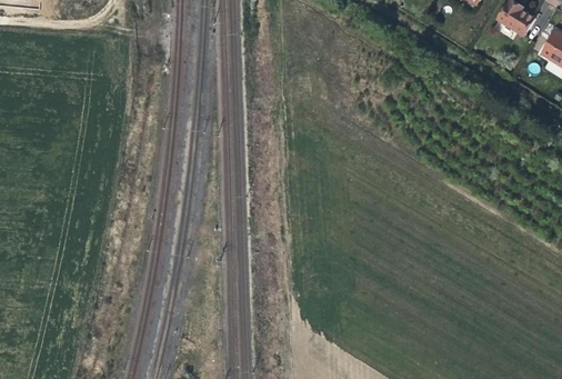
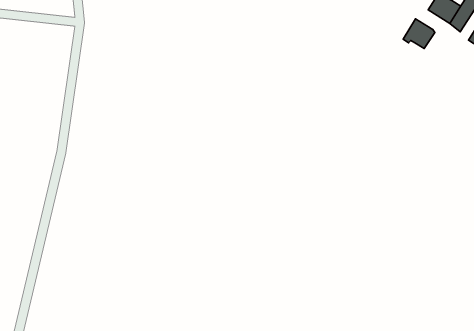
building: none -> [403,19,435,49]

